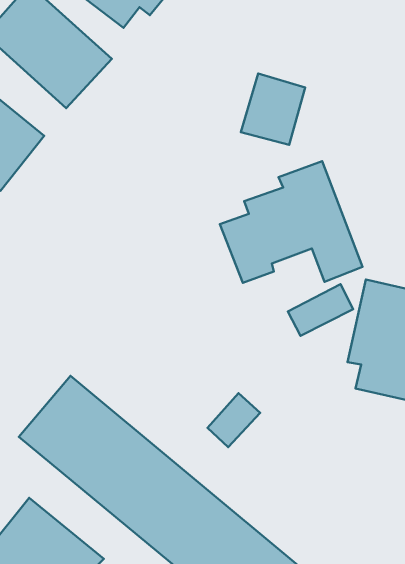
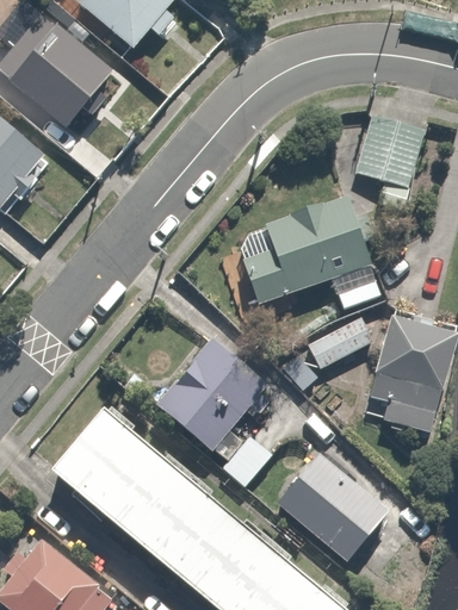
building: [241,74,305,145] -> [355,113,422,187]
building: none -> [155,329,285,444]
building: none -> [278,453,392,562]

